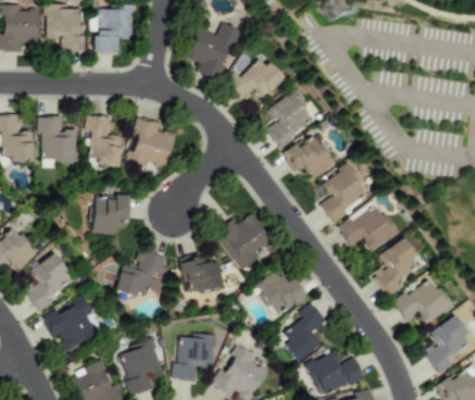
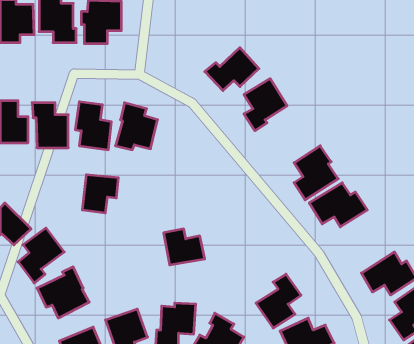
building: [187,23,239,80] -> none
building: [283,132,335,179] -> none
building: [217,213,273,270] -> none
building: [373,237,420,297] -> none
building: [116,248,167,299] -> none
building: [258,270,310,316] -> none

